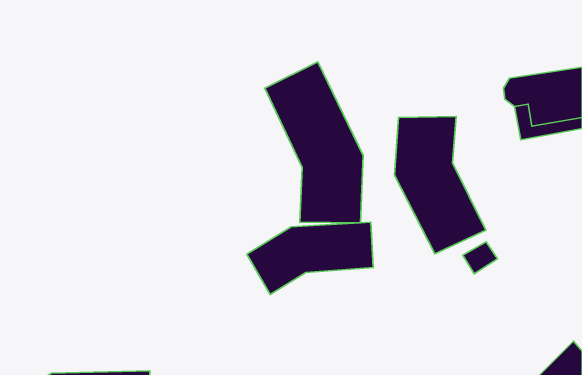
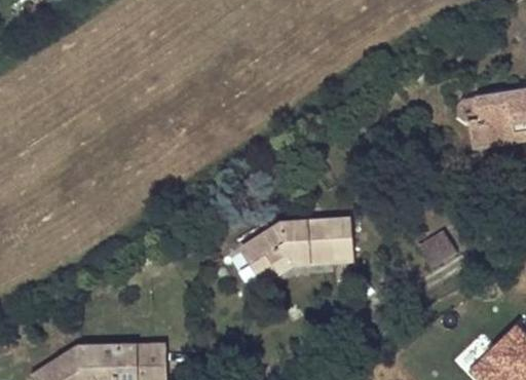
building: [265,62,363,223] -> none
building: [395,116,486,254] -> none

